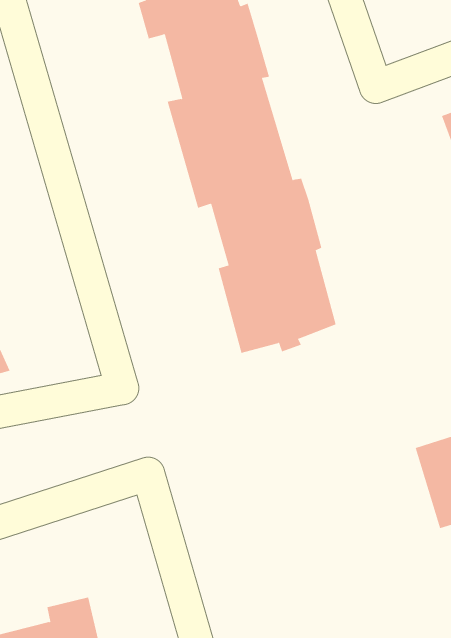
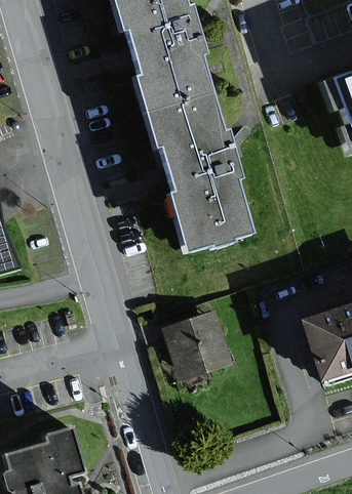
building: none -> [157,310,230,381]

